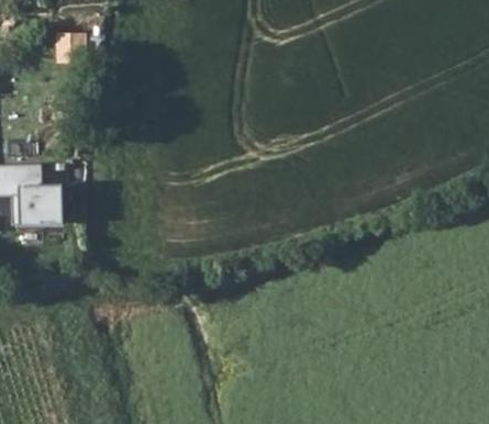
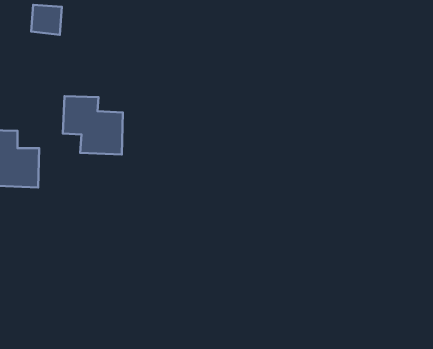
building: none -> [63,96,123,154]

